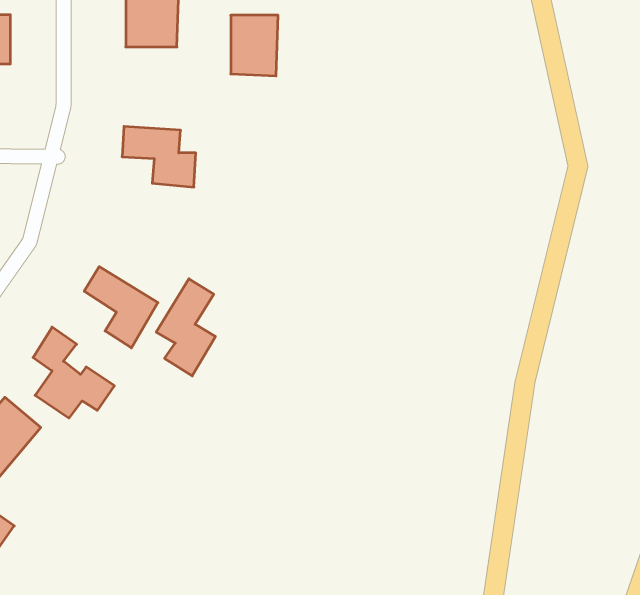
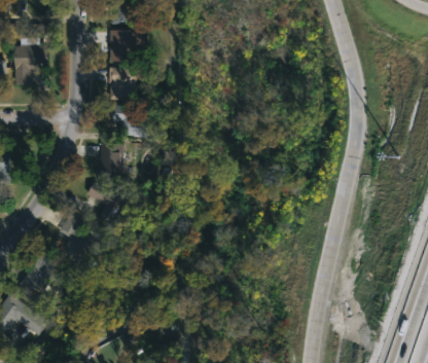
building: [231,15,278,76] -> [110,68,136,101]
building: none -> [101,144,124,174]
building: [156,279,215,376] -> none

